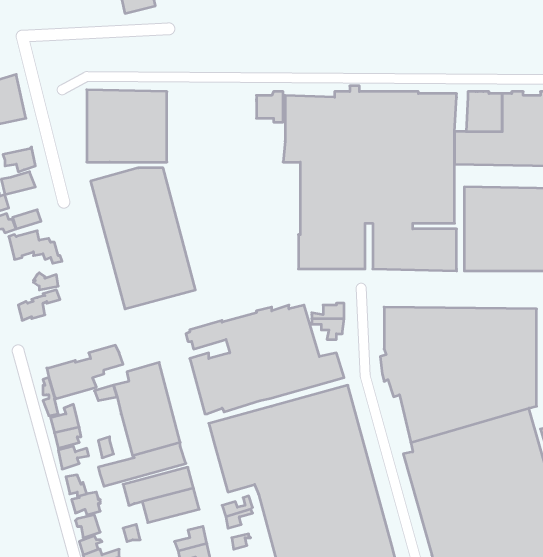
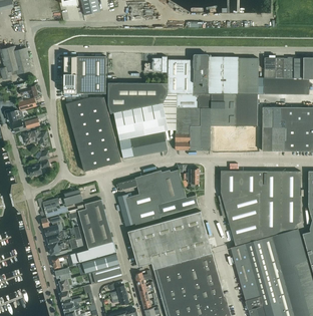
building: none -> [108,83,177,160]

